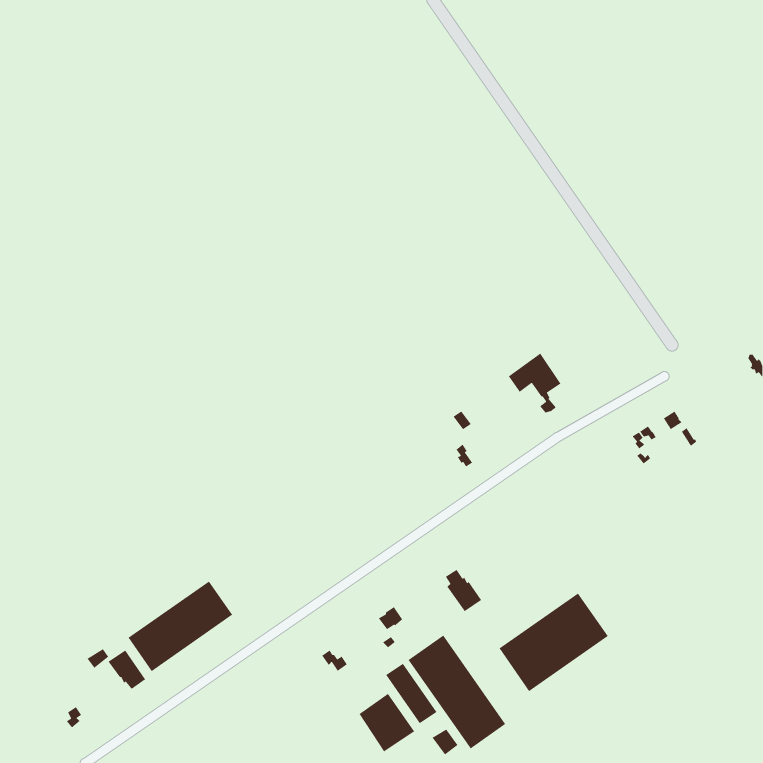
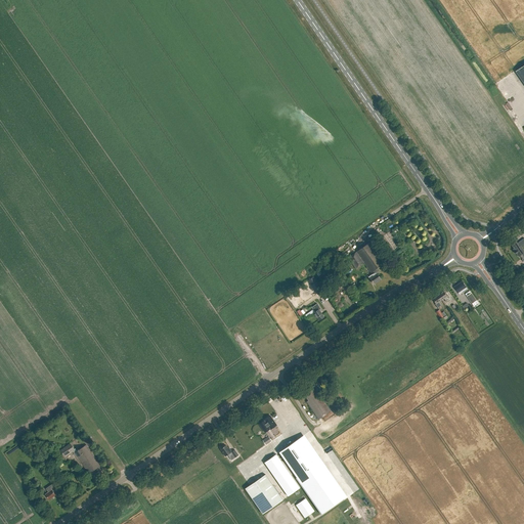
building: [127,580,233,672] -> none
building: [498,592,609,692] -> none

